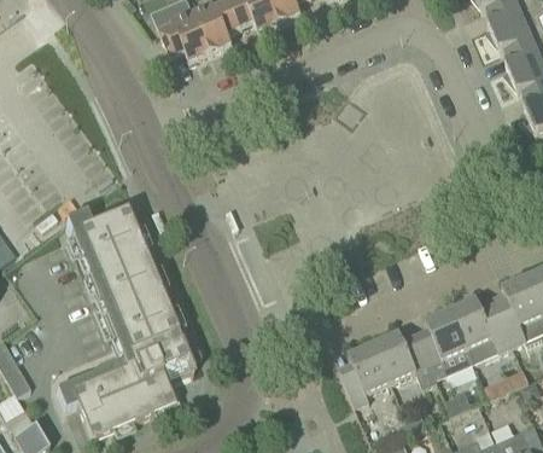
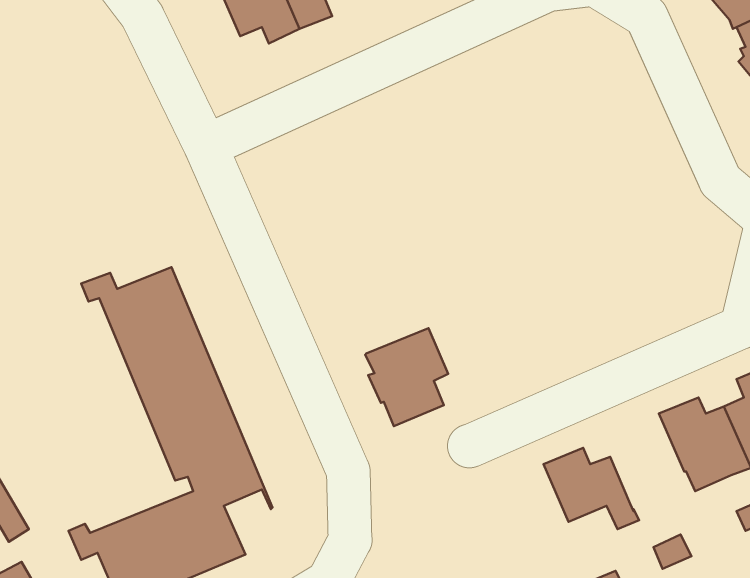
building: none -> [365,328,448,426]
building: [418,309,474,372] -> none
building: [339,343,390,405] -> none

